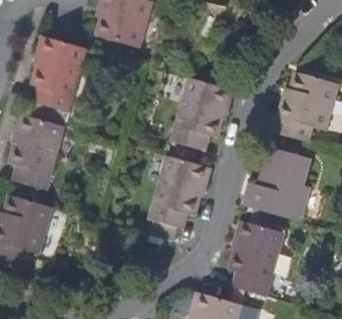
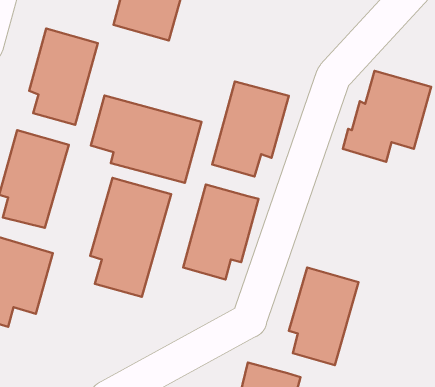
building: none -> [91,96,202,183]
building: [245,145,311,220] -> none
building: none -> [90,178,171,297]

